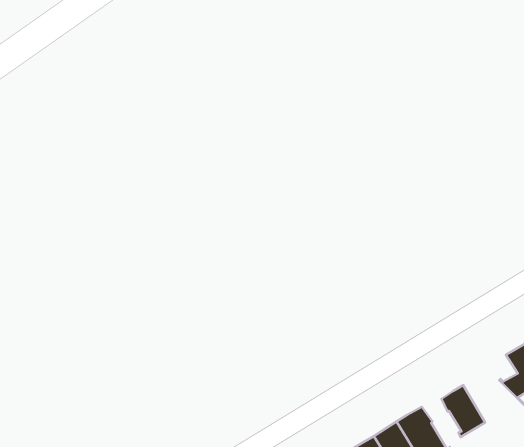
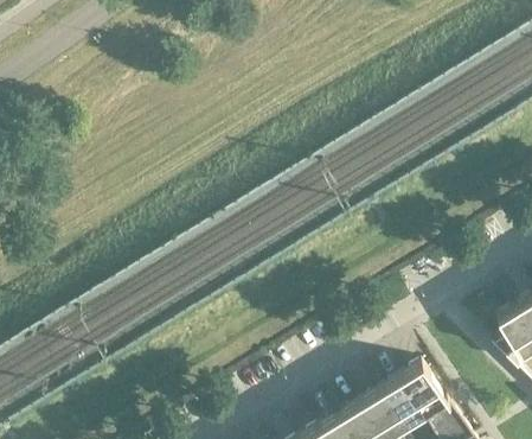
building: [441,385,485,437] -> none

